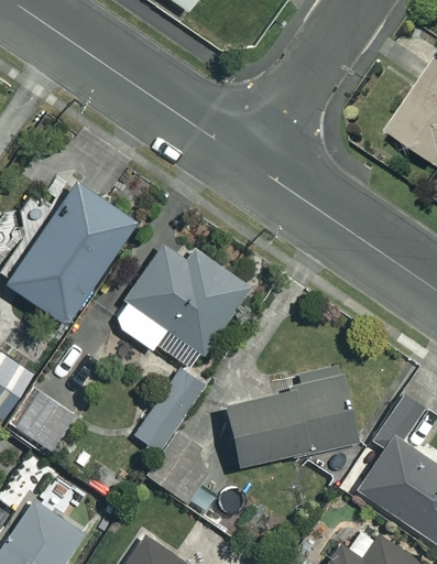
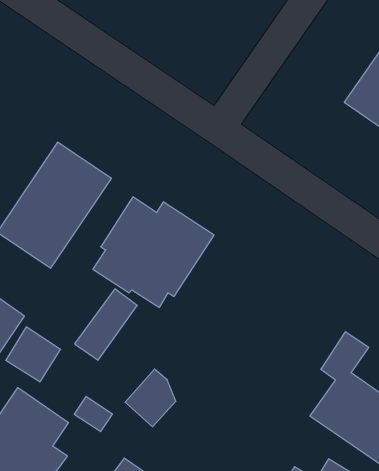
building: [133,373,204,454] -> [75,289,137,360]
building: [221,373,354,465] -> none

